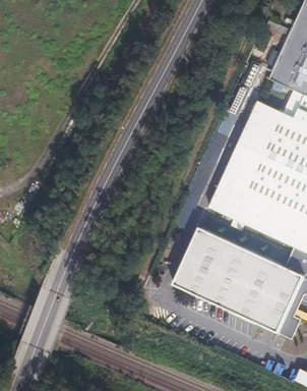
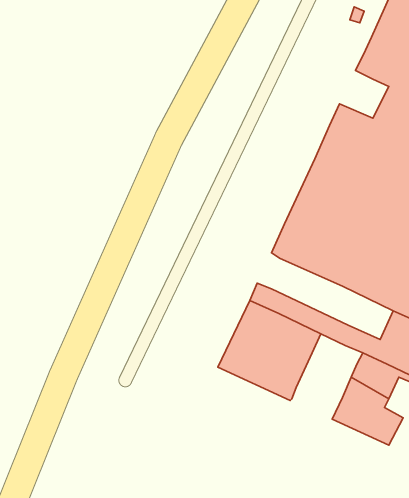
building: [223,263,273,323] -> none

